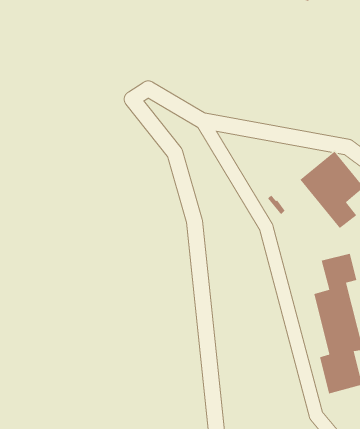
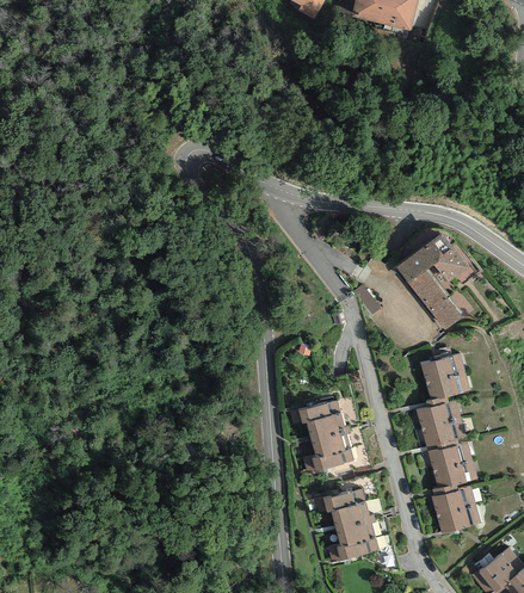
building: none -> [295,403,355,470]
building: none -> [313,486,372,556]

